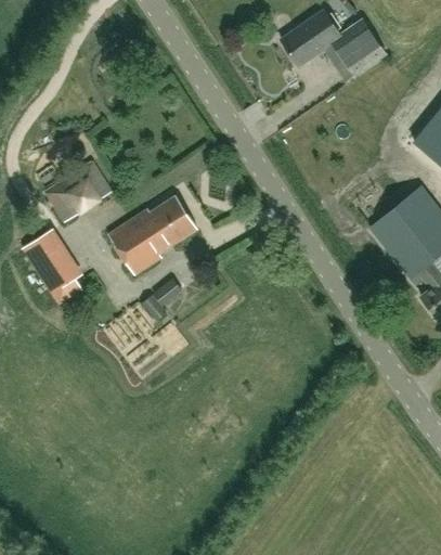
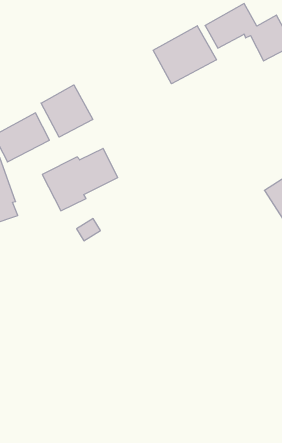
building: none -> [153,26,216,84]
building: none -> [41,85,93,137]

